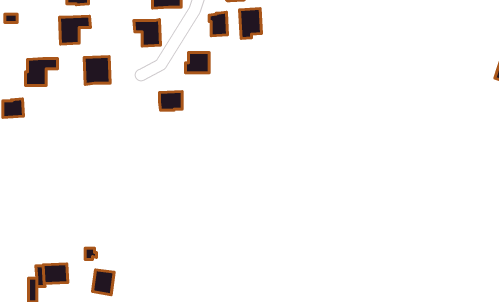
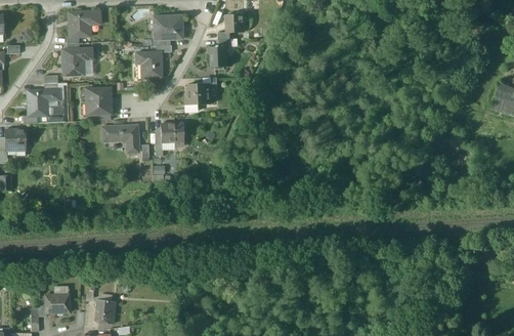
building: [240,9,262,38] -> none
building: none -> [48,98,66,122]
building: none -> [101,125,138,152]

